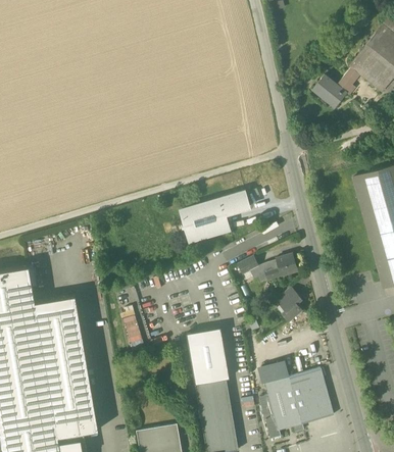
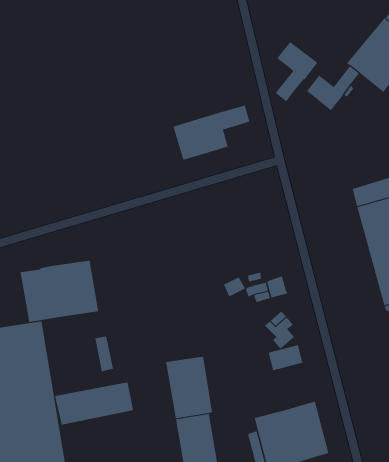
building: none -> [275,41,318,102]
building: [180,192,249,242] -> [173,105,250,161]
building: none -> [20,260,99,323]
building: none -> [54,381,133,425]
building: [257,360,289,384] -> [268,345,303,371]

